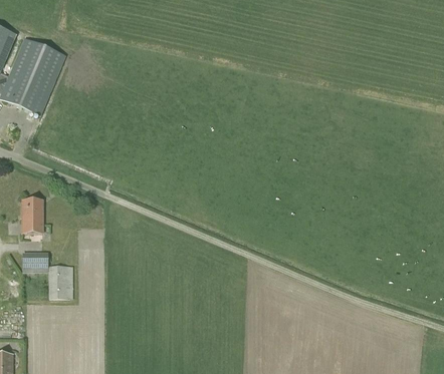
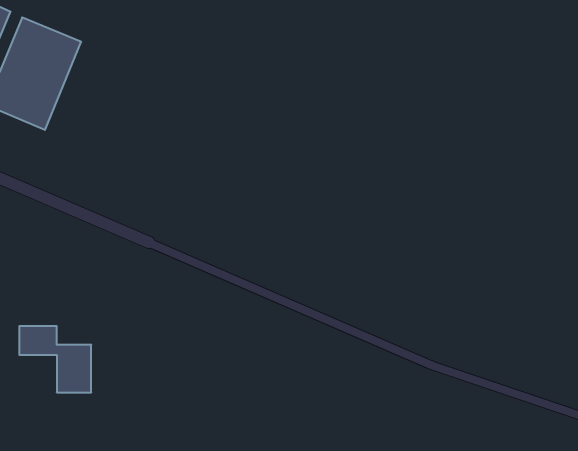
building: [21,199,42,233] -> none

